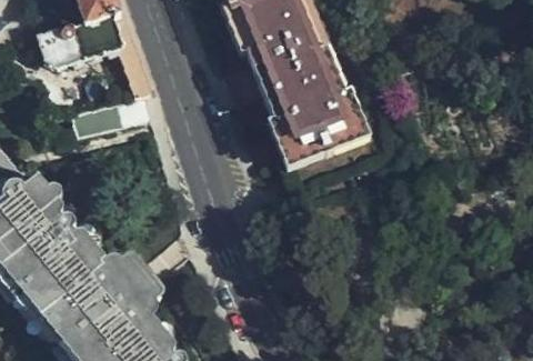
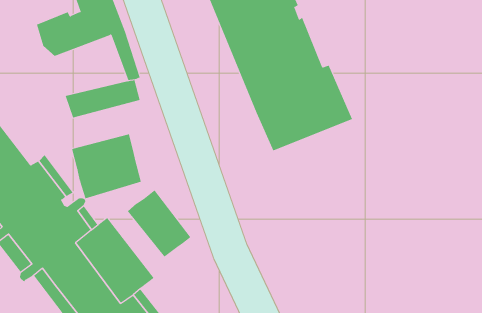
building: none -> [71,133,141,199]
building: none -> [127,190,191,257]

